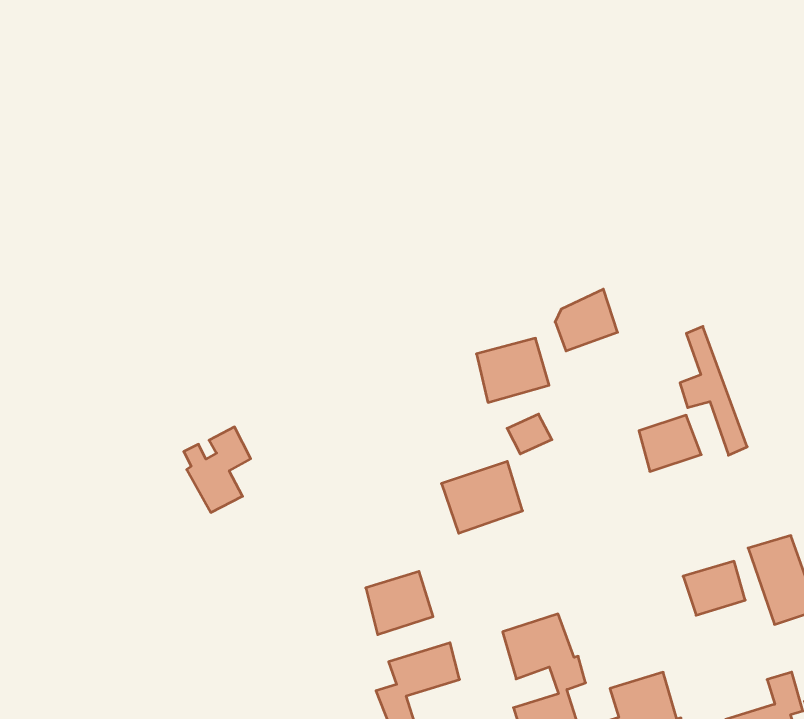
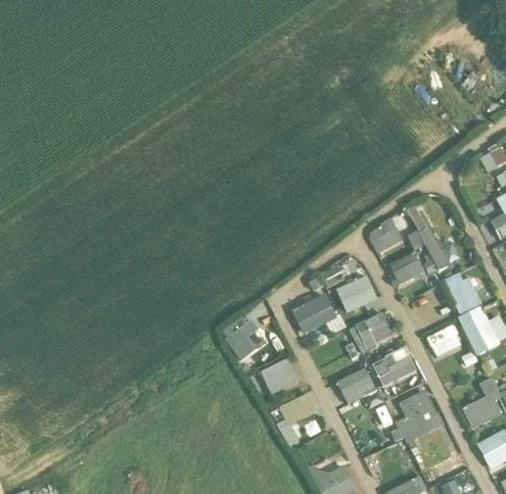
building: [555,289,618,351] -> [369,217,403,253]
building: [476,338,549,402] -> [336,275,377,312]
building: [184,427,251,512] -> [222,312,258,359]
building: none -> [447,276,481,313]
building: none -> [349,311,393,352]
building: none -> [368,345,416,386]

